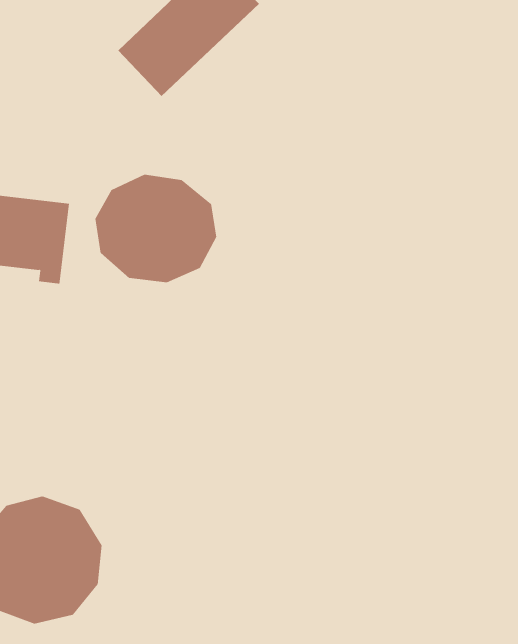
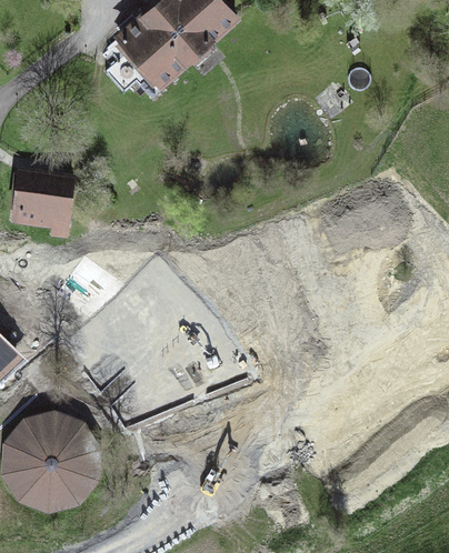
building: [95,174,217,283] -> none

